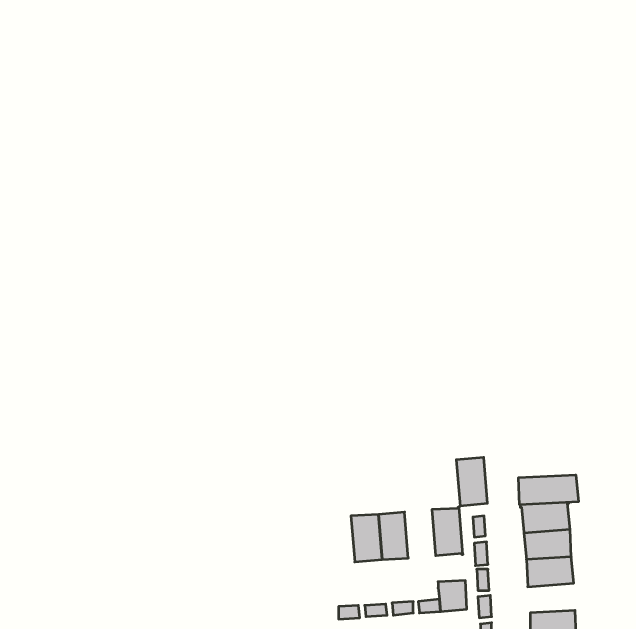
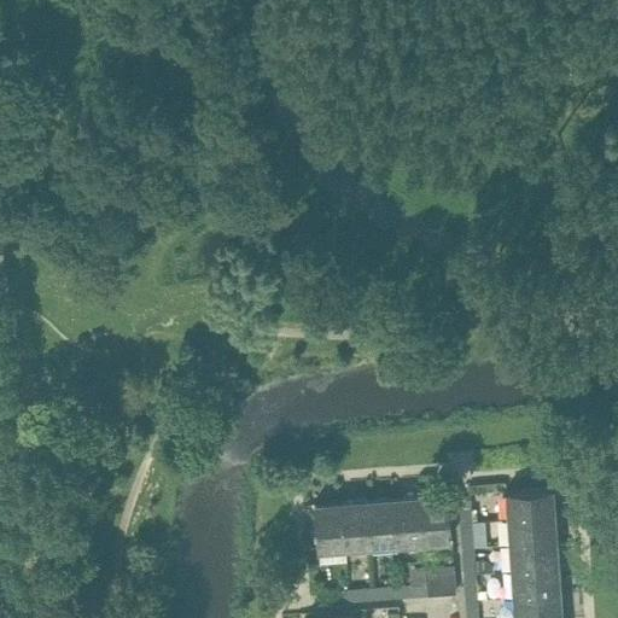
building: [456,457,487,506] -> [392,501,422,548]
building: [519,475,578,505] -> none
building: none -> [314,507,344,555]
building: none -> [512,572,558,601]

